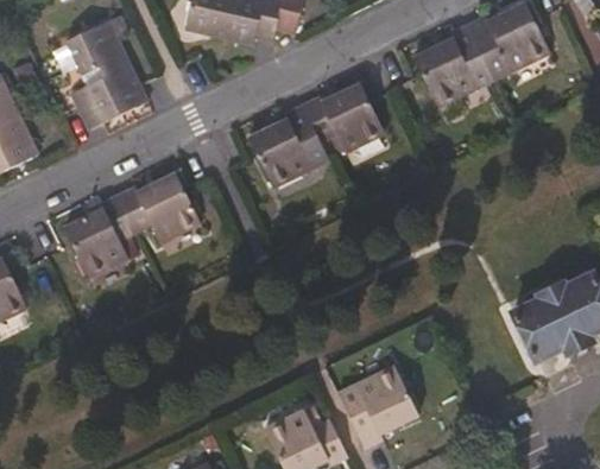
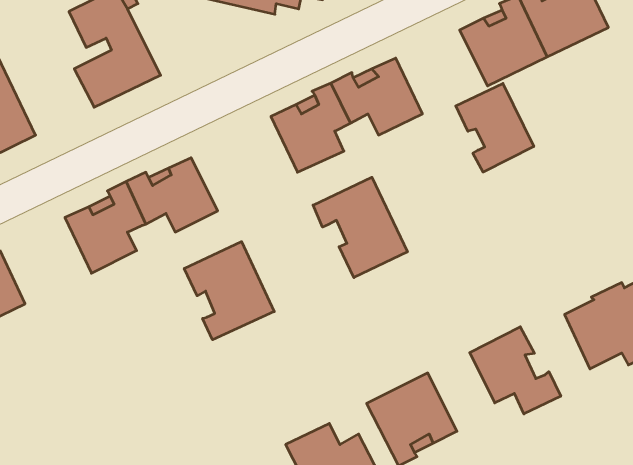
building: none -> [456,83,534,172]
building: none -> [313,177,407,278]
building: none -> [184,242,274,340]
building: none -> [470,327,561,414]

